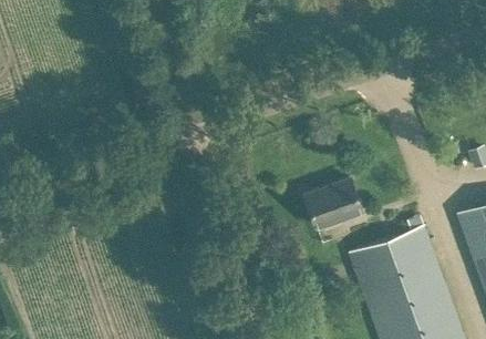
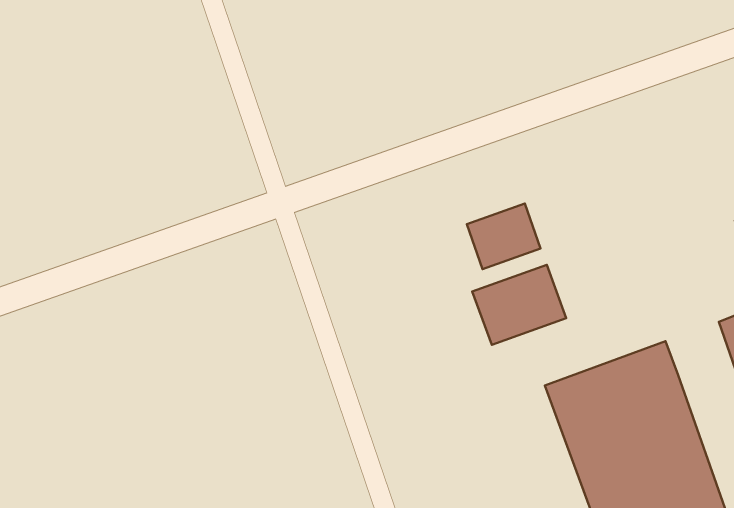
building: none -> [467,204,541,269]

